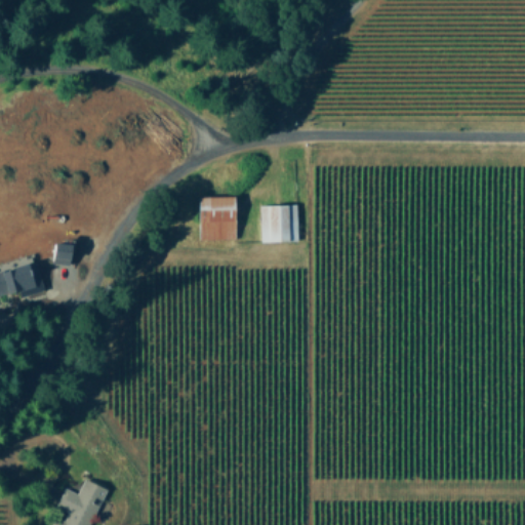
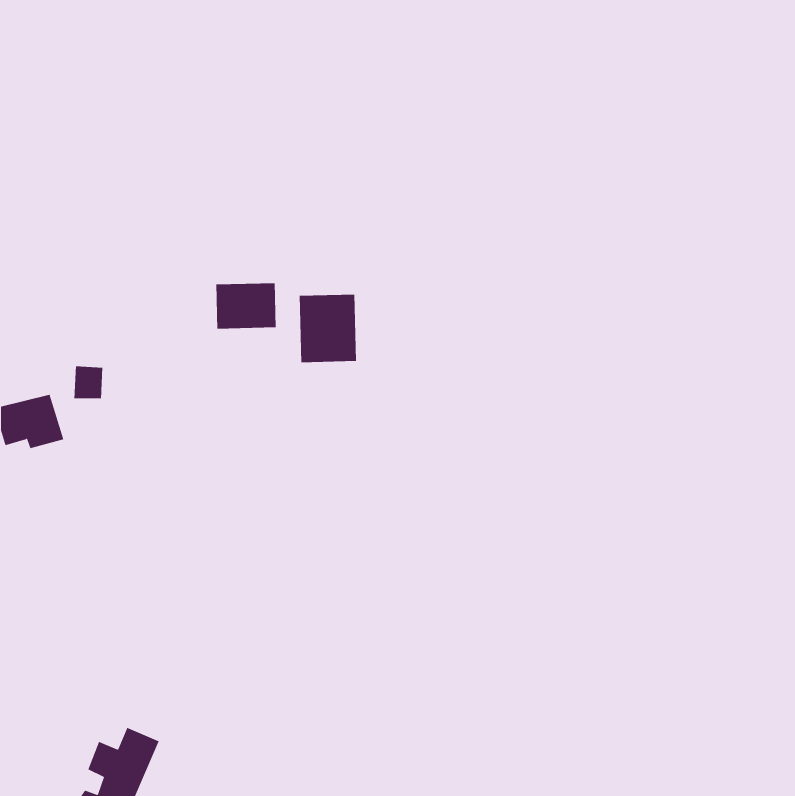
building: none -> [216,283,276,329]
building: [262,204,299,242] -> none

